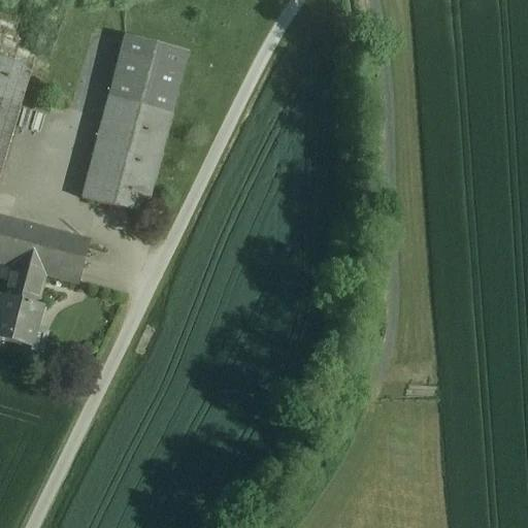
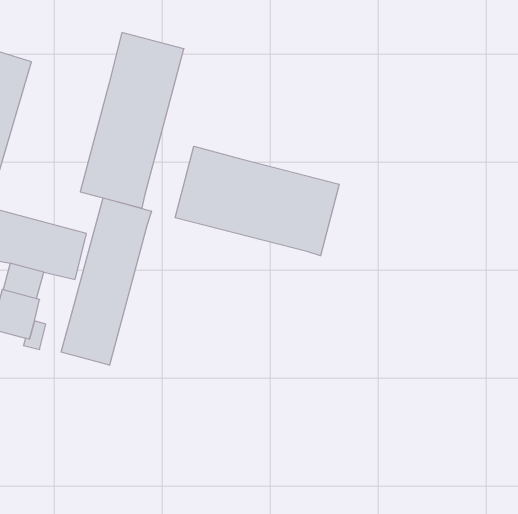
building: none -> [175,146,339,256]
building: none -> [61,198,151,365]

